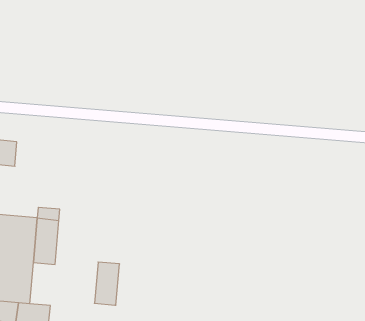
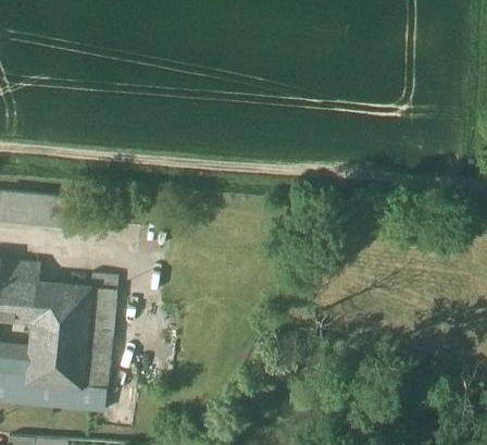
building: [94,262,120,305] -> [83,338,112,388]

